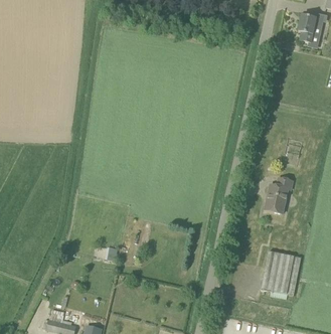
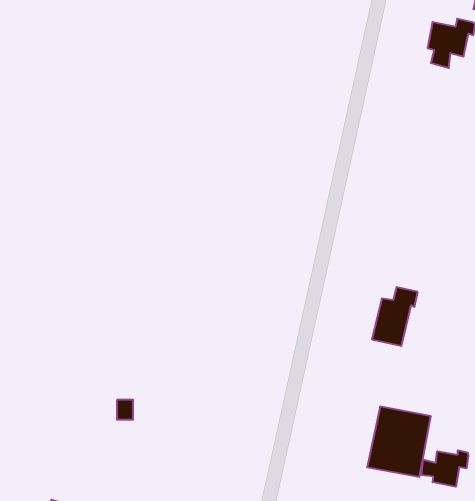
building: none -> [422,450,468,487]

